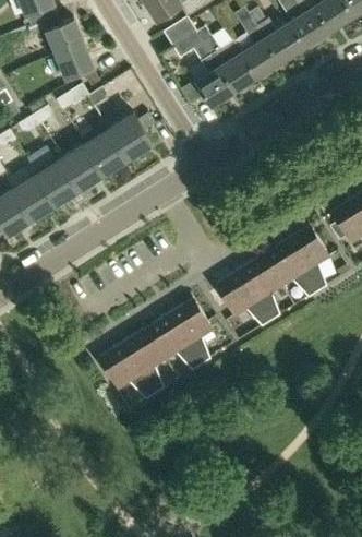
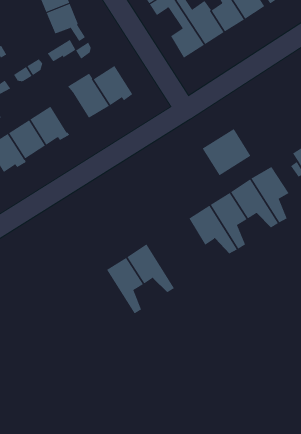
building: [61,144,106,189] -> none
building: none -> [202,128,251,176]
building: [169,300,213,365] -> none
building: [99,344,155,399] -> none

